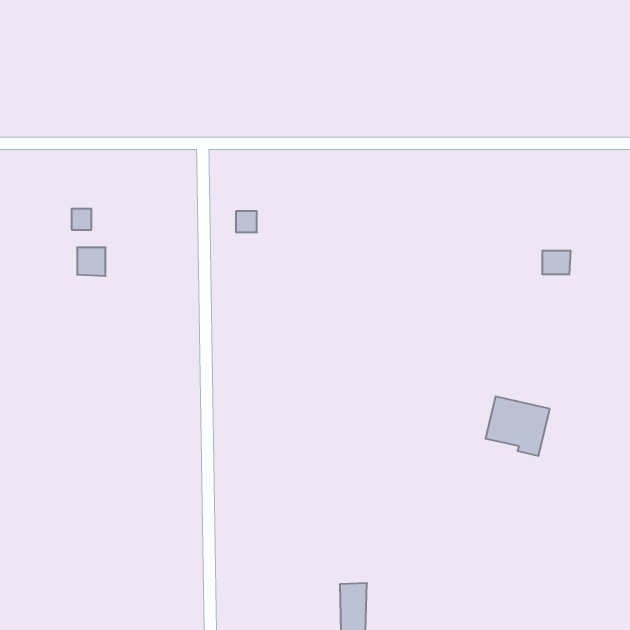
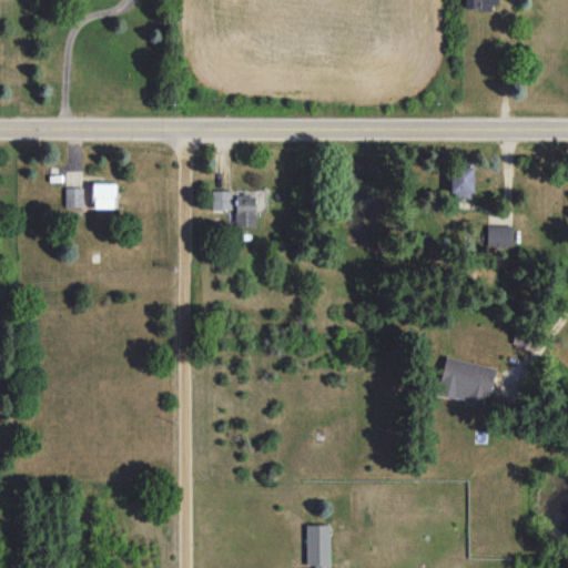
building: none -> [452,168,474,199]
building: none -> [235,195,256,227]
building: [77,247,106,276] -> [92,184,118,210]

